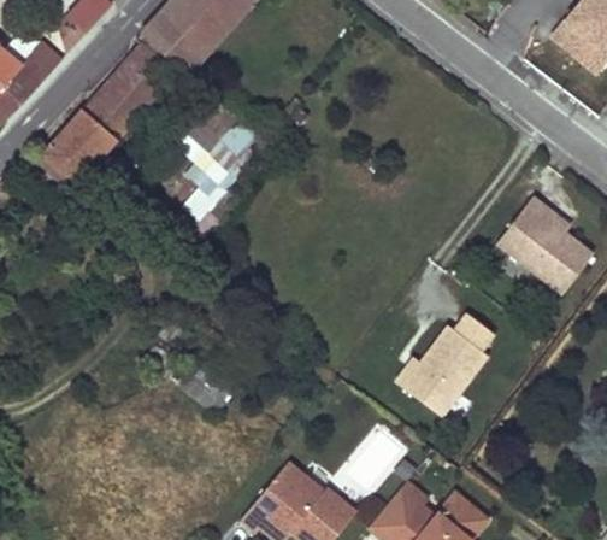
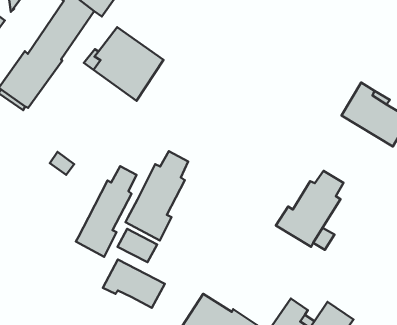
building: none -> [126,151,188,241]
building: none -> [76,166,136,257]
building: none -> [103,260,165,308]

